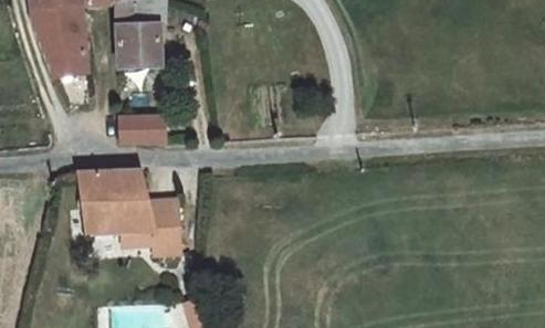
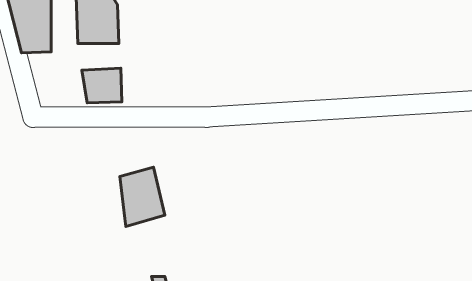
building: [78,172,159,251] -> none

